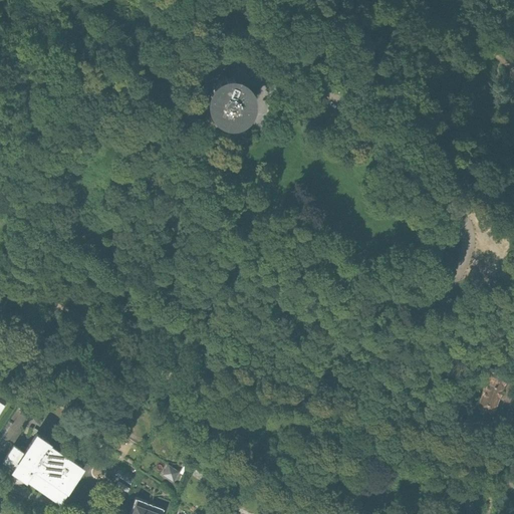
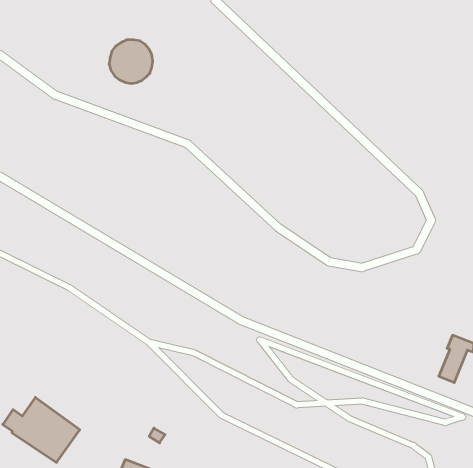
building: [206,79,253,126] -> [109,40,153,83]

